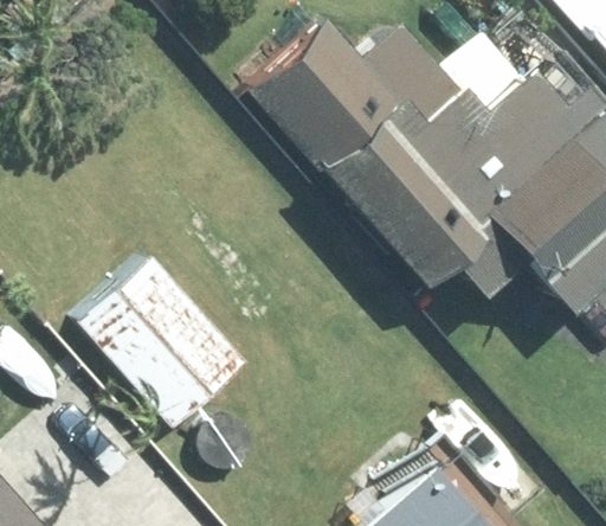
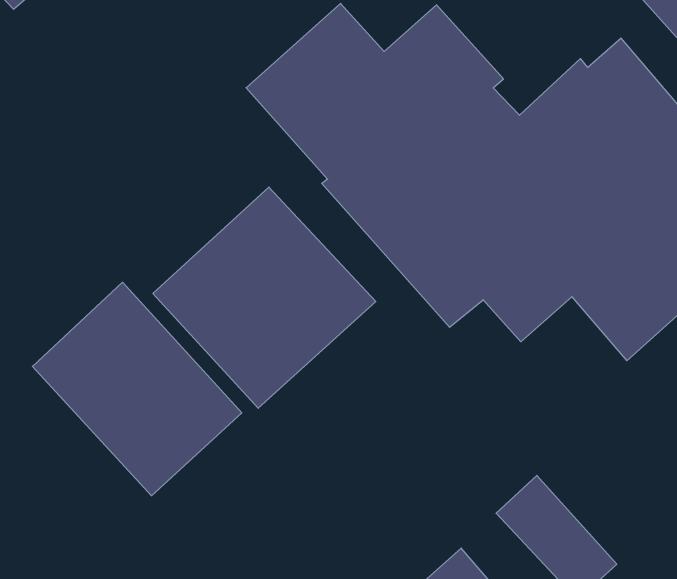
building: none -> [153,187,376,408]

